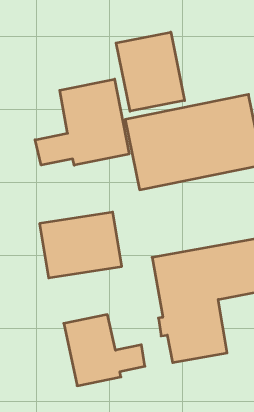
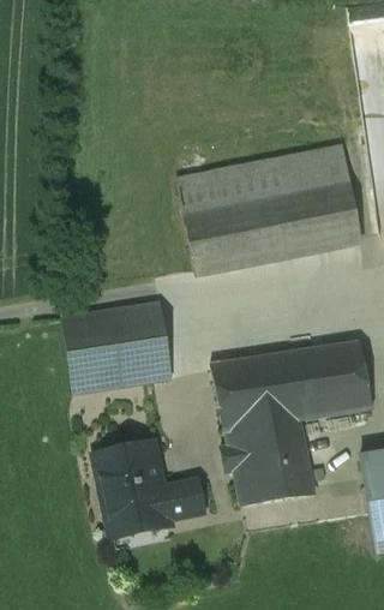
building: [116,32,185,111] -> none
building: [35,79,129,165] -> none

